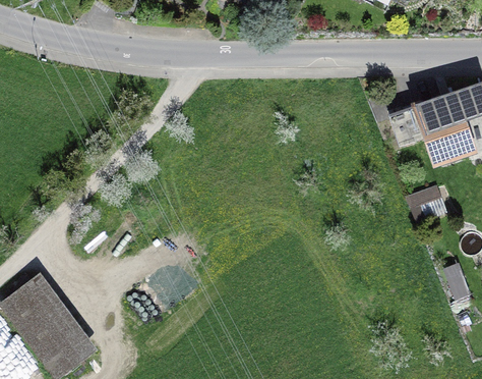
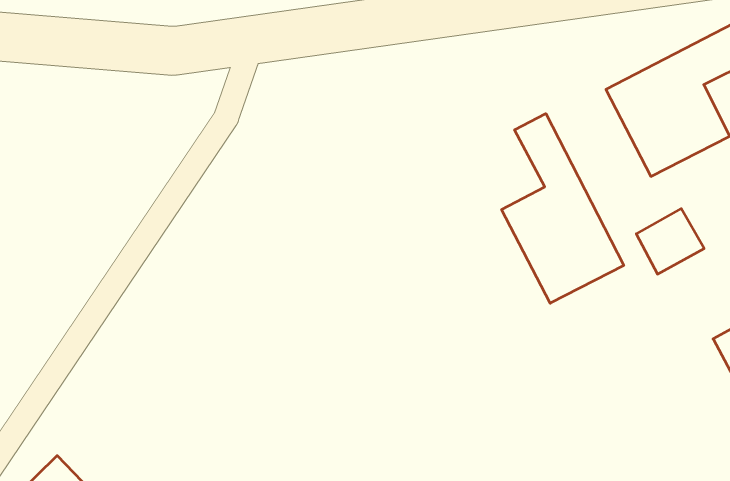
building: none -> [502,114,624,303]

